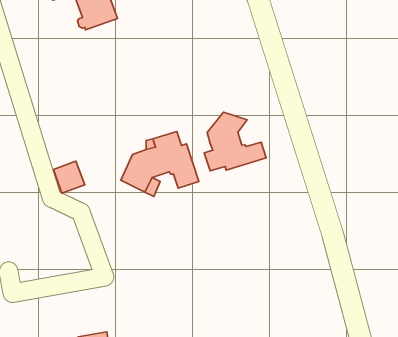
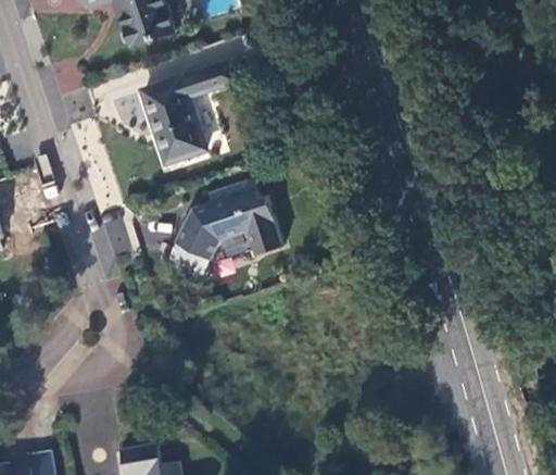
building: none -> [142,61,236,163]
building: [204,112,266,171] -> none

